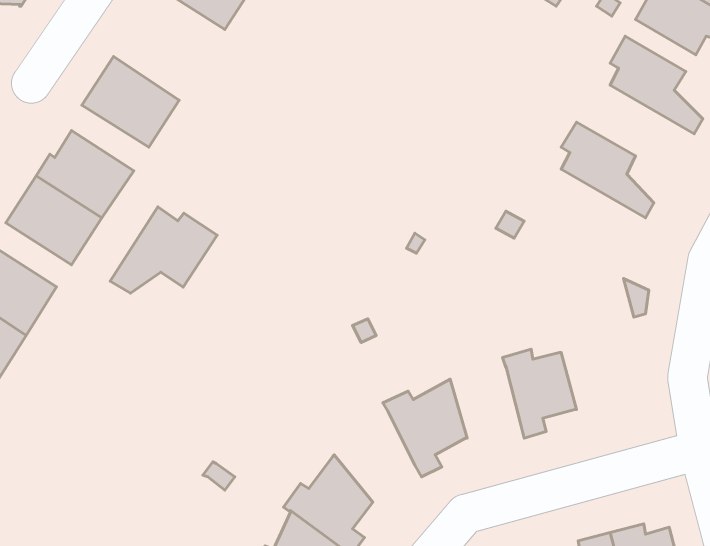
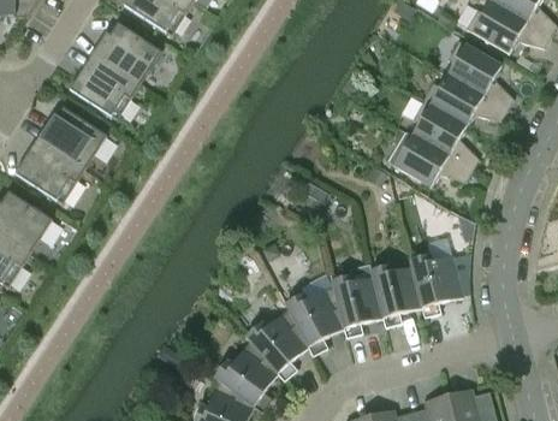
building: none -> [93,23,161,85]
building: none -> [423,75,507,125]
building: none -> [388,135,473,186]
building: [110,207,217,293] -> none
building: none -> [410,254,463,316]
building: none -> [332,274,384,337]
building: none -> [245,308,308,380]

